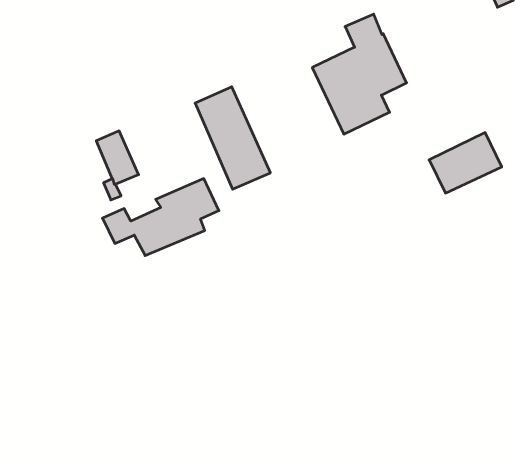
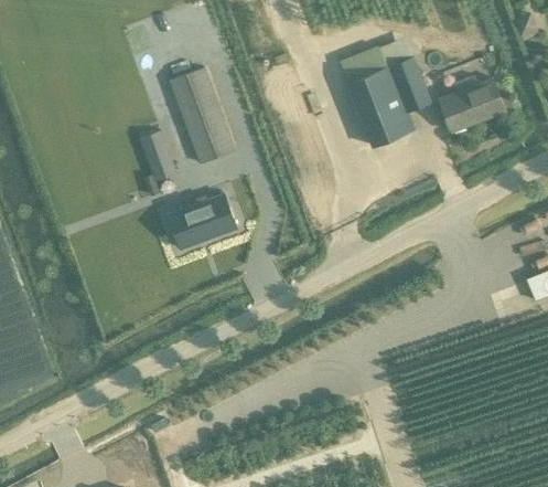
building: [195,87,270,189] -> [170,68,236,165]
building: [429,133,502,193] -> [439,77,506,131]

